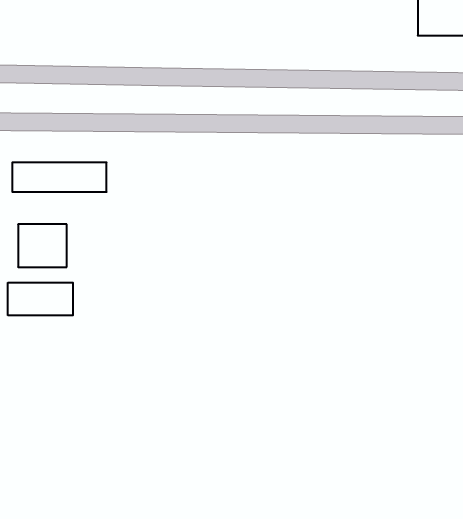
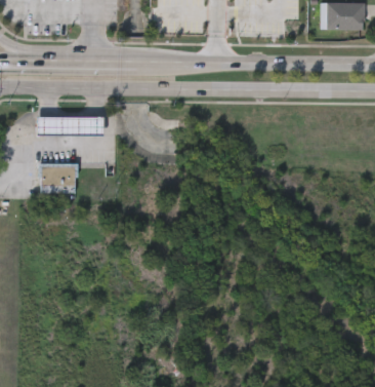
building: [8,283,73,315] -> none

